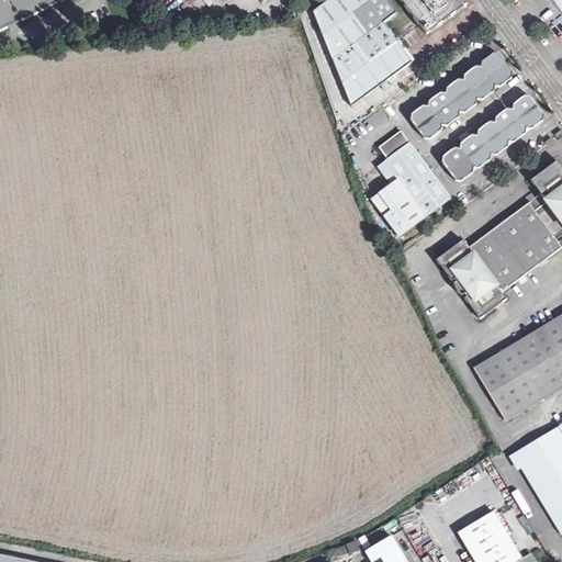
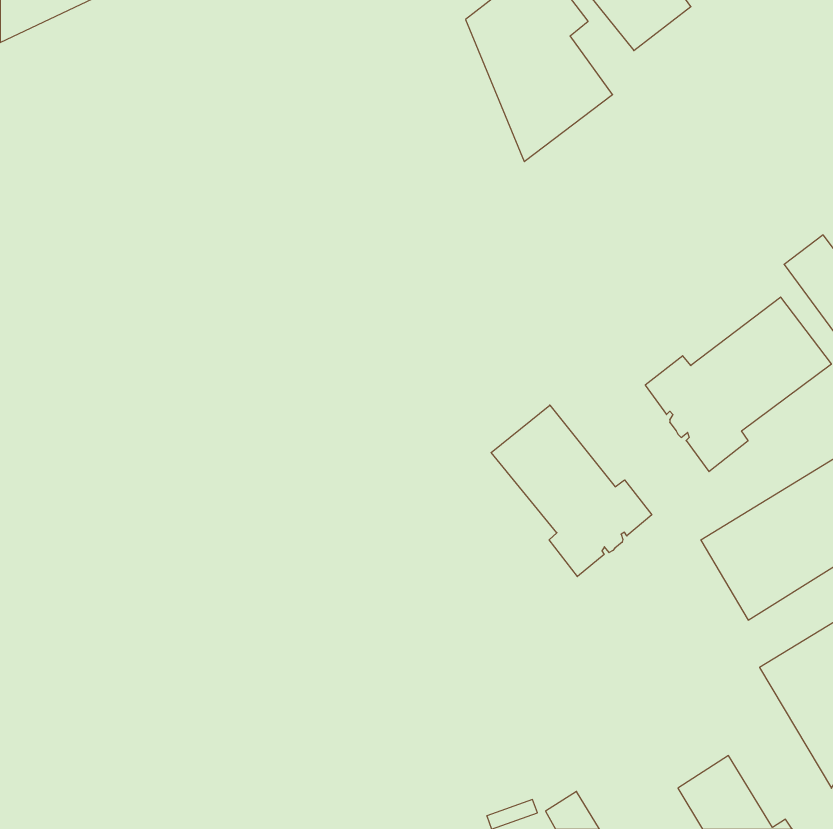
building: [409,54,513,139] -> none
building: [440,97,543,182] -> none
building: [376,131,450,237] -> none
building: none -> [491,405,652,577]

